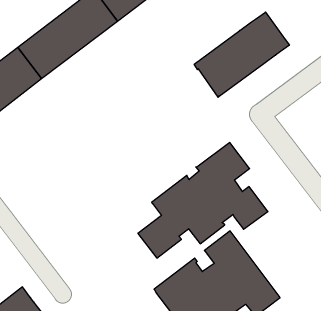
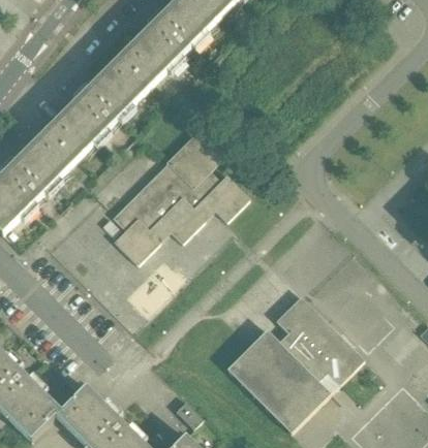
building: [194,12,289,97] -> none
building: [138,143,268,258] -> [114,129,250,263]

